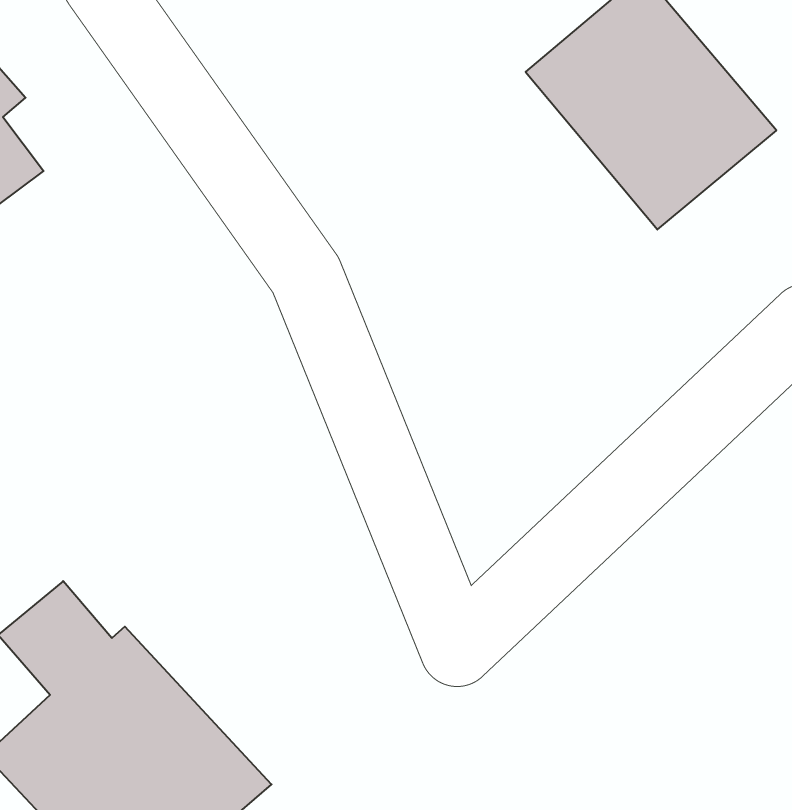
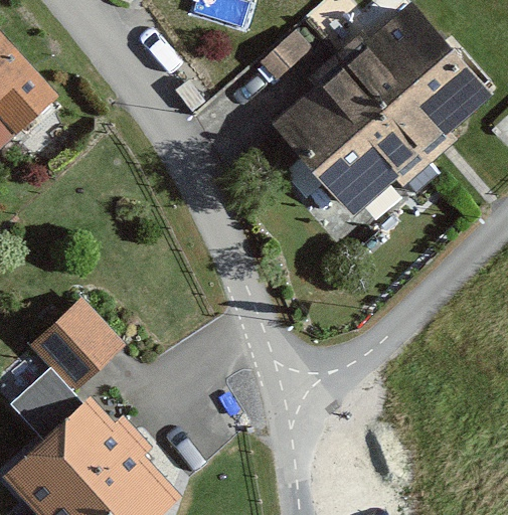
building: none -> [266,56,418,217]
building: none -> [33,307,121,392]

